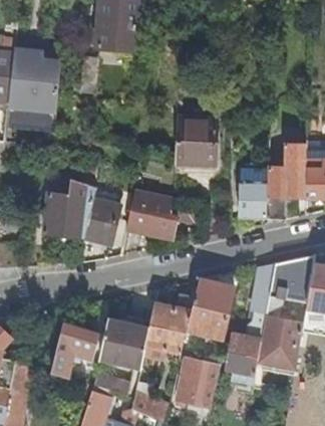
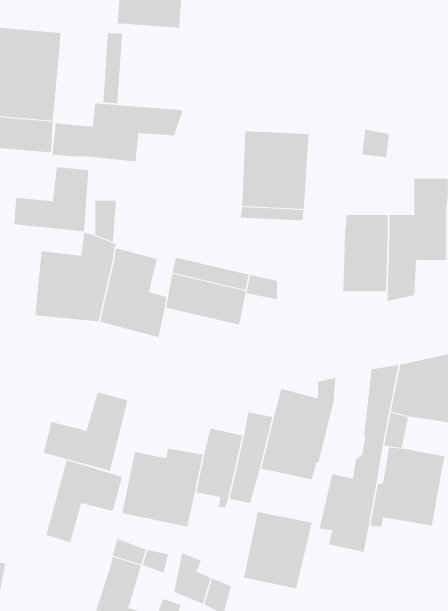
building: none -> [52,102,184,162]
building: none -> [14,166,89,232]
building: none -> [43,391,128,471]

